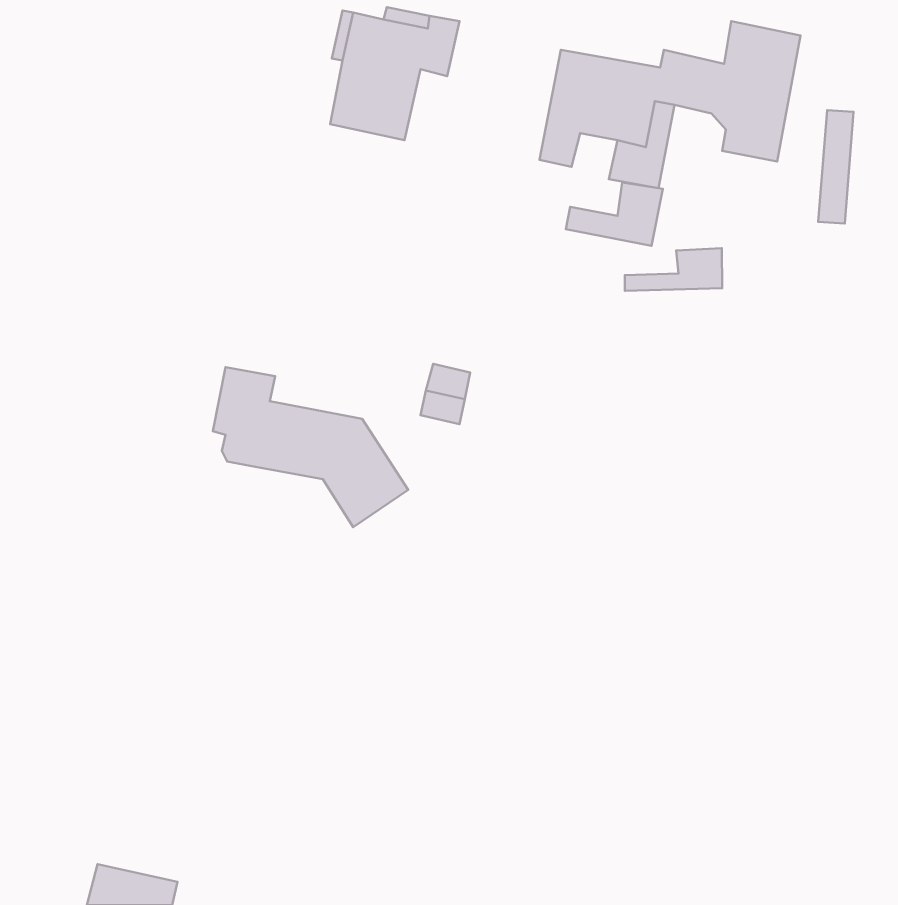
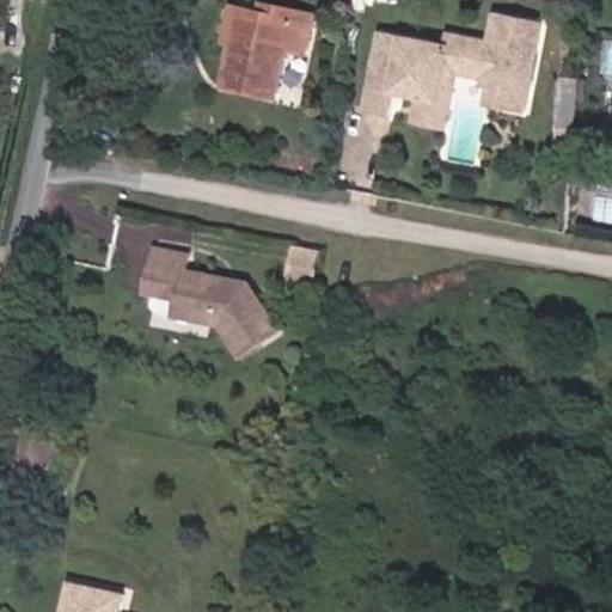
building: [566,183,663,246] -> none
building: [625,248,722,291] -> none

